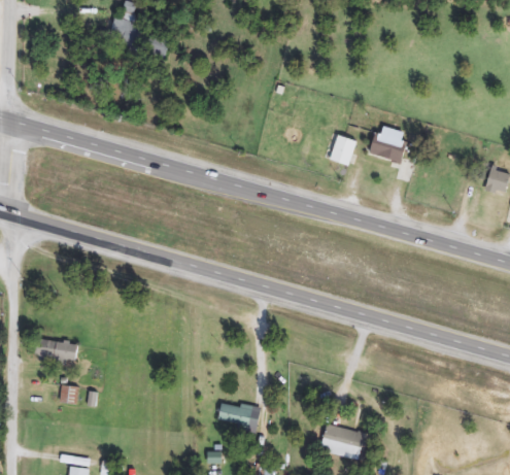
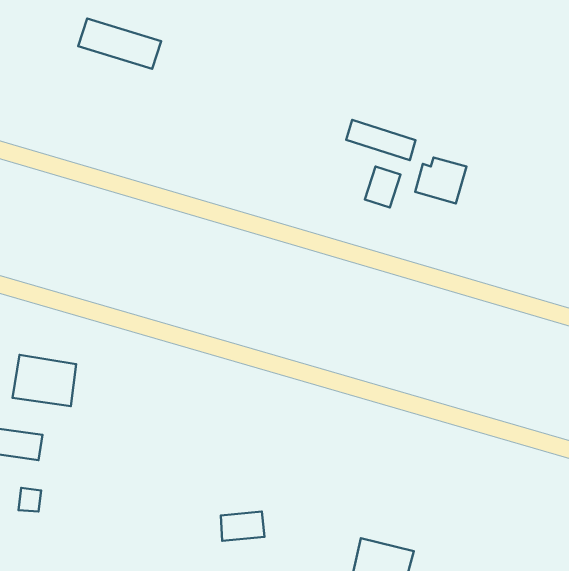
building: none -> [346,120,416,160]
building: none -> [12,355,76,406]

